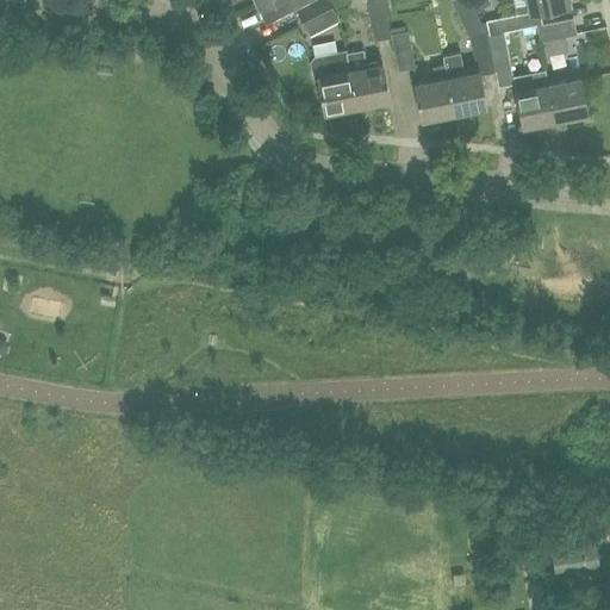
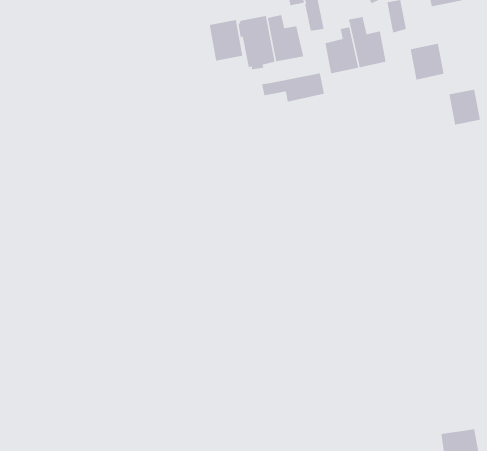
building: none -> [209,19,243,62]
building: [549,80,587,123] -> [448,89,481,125]
building: none -> [261,72,325,103]

